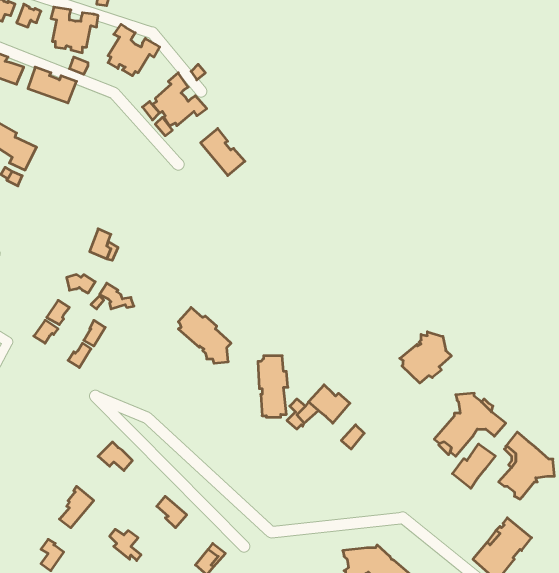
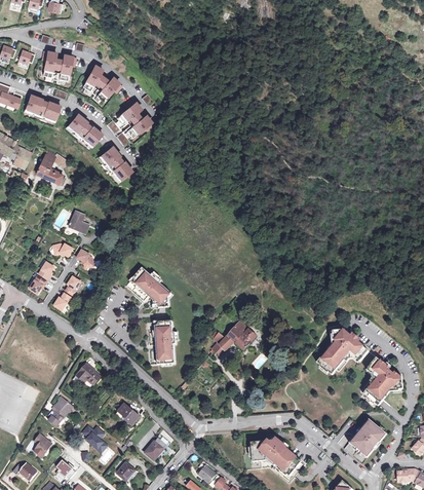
building: none -> [68,113,103,146]
building: [201,128,245,176] -> [101,146,132,180]
building: none -> [36,151,68,184]
building: [400,332,451,383] -> none
building: [258,356,288,417] -> [155,321,177,365]
building: [452,444,495,488] -> none

